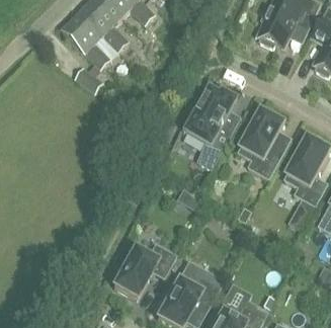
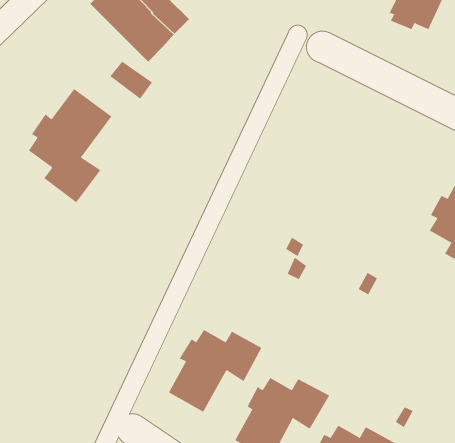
building: none -> [28,88,112,203]
building: [183,86,237,169] -> none
building: [238,109,285,178] -> none

